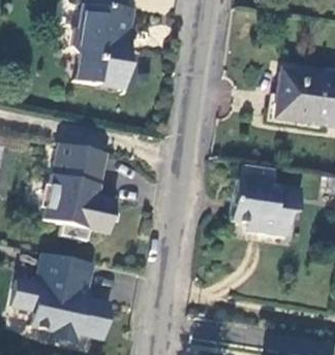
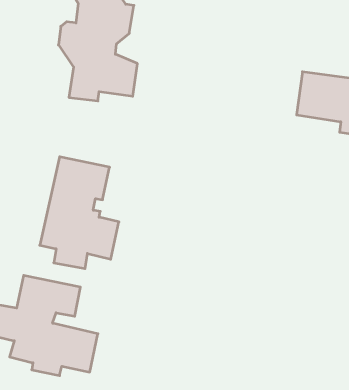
building: [227,162,299,237] -> none

